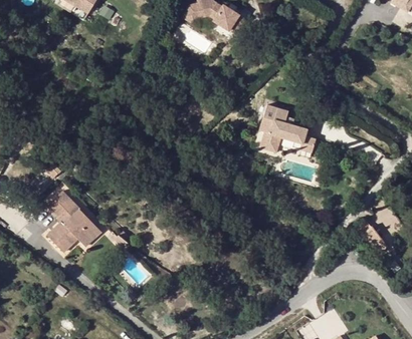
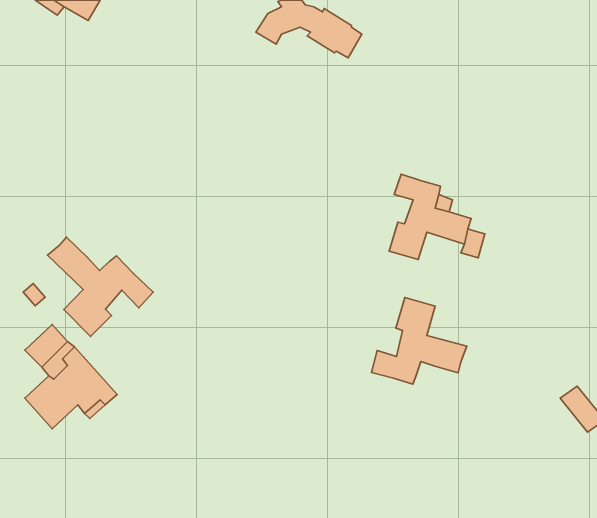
building: none -> [48,237,153,336]
building: none -> [371,297,467,384]

